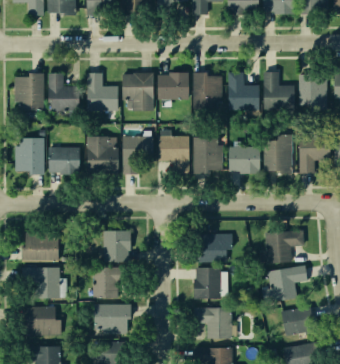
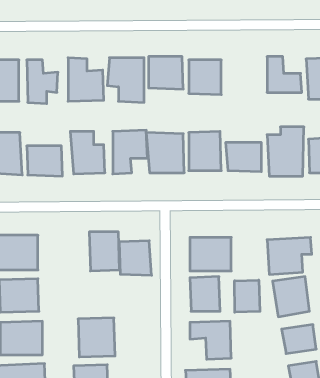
building: [229,72,260,109] -> none
building: [94,267,123,298] -> [119,241,152,275]
building: none -> [235,280,260,312]

